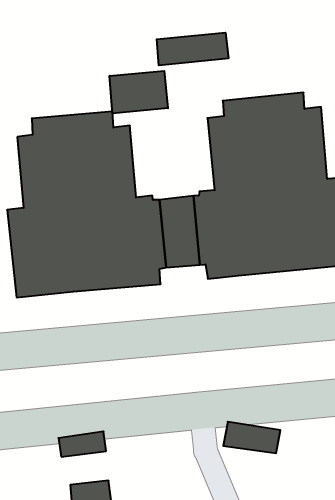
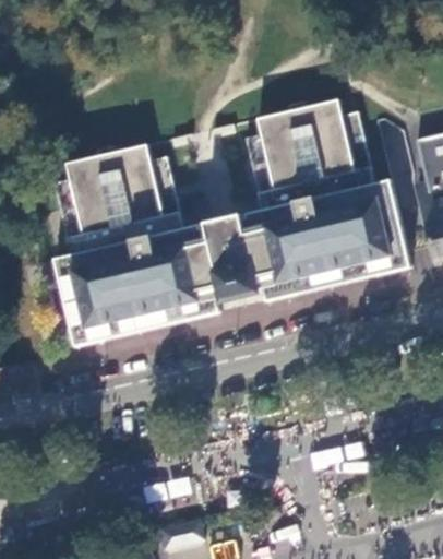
building: [157,33,228,65] -> none
building: [110,71,168,113] -> none

